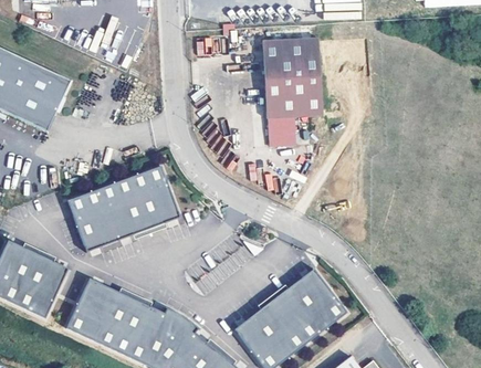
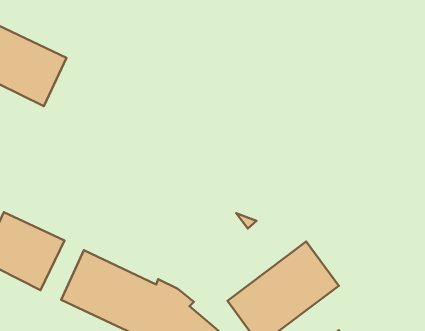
building: [264,35,327,143] -> none
building: [66,161,180,249] -> none

